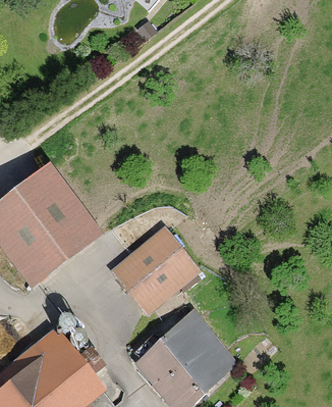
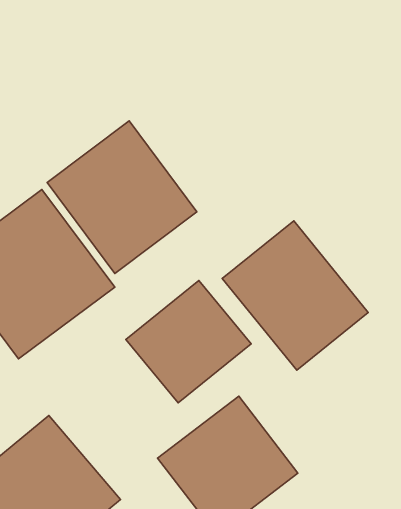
building: none -> [47,121,197,273]
building: none -> [222,221,368,370]

